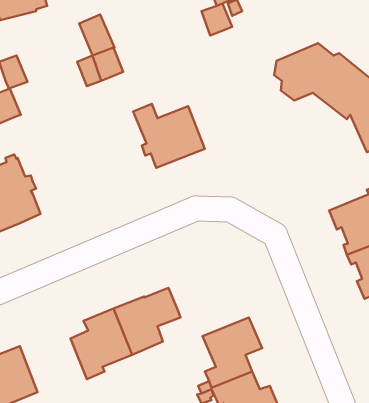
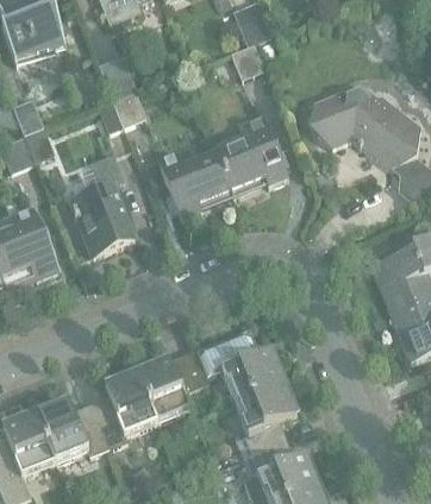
building: none -> [218,115,289,199]
building: none -> [70,155,135,256]
building: none -> [196,327,283,401]
building: none -> [36,398,108,461]

